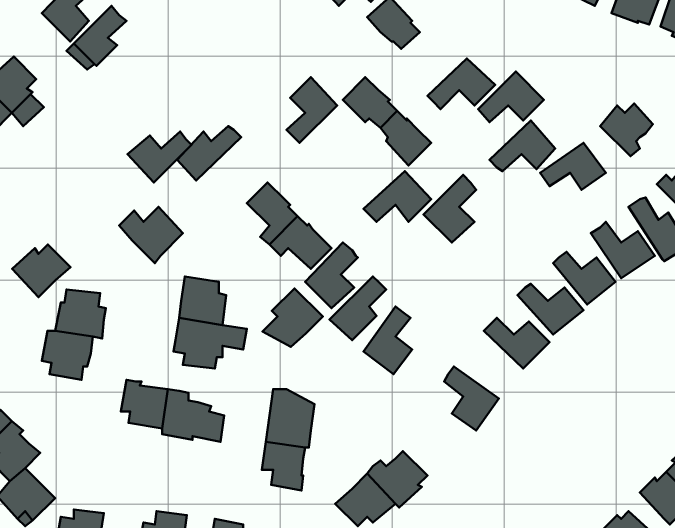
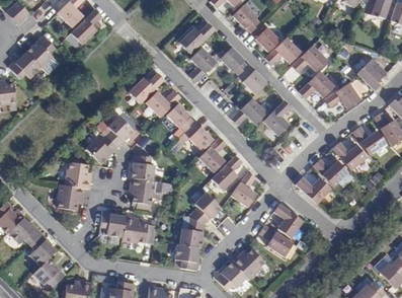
building: none -> [179,22,215,54]
building: none -> [250,22,278,50]
building: [127,132,191,182] -> [146,89,180,117]
building: [12,244,71,297] -> [86,135,117,163]
building: [263,288,323,347] -> [188,192,221,223]
building: none -> [258,224,293,255]

